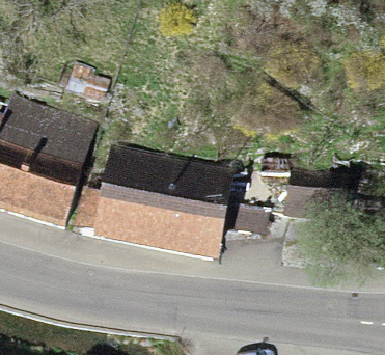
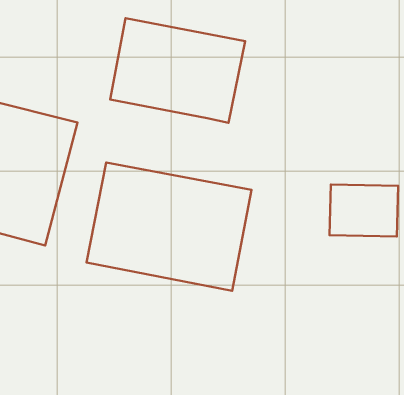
building: none -> [110,18,245,123]

